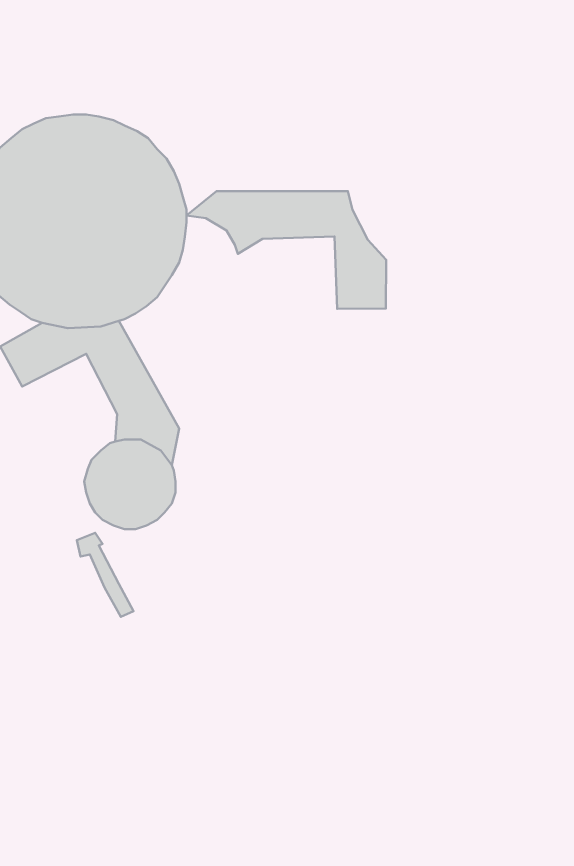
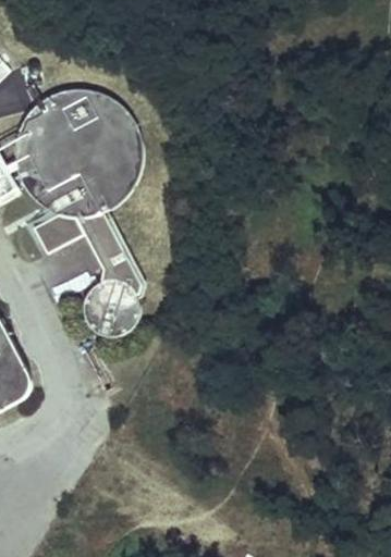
building: [187,191,386,309] -> none

